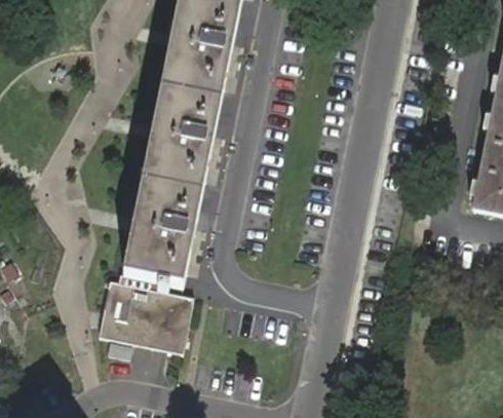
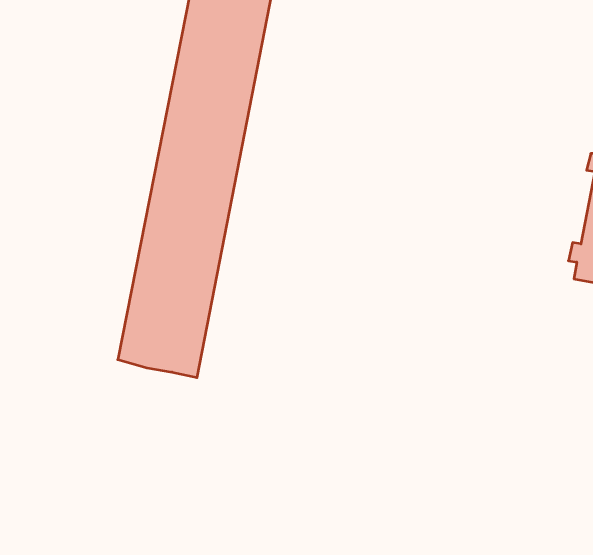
building: [99,276,195,352] -> none

